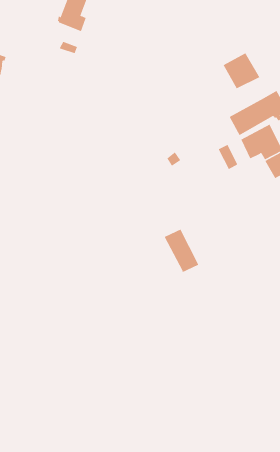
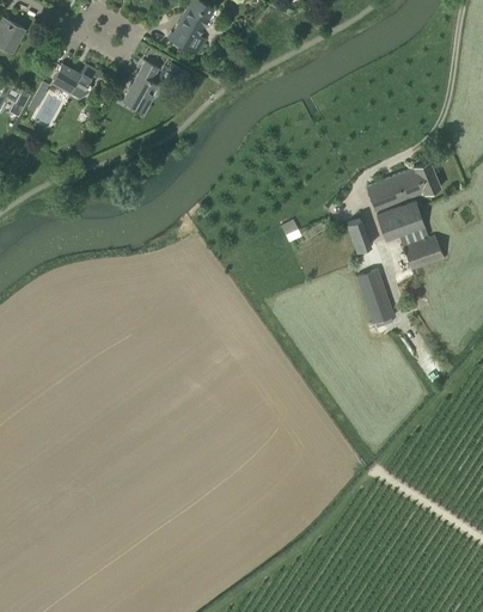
building: none -> [122,61,159,112]
building: [223,52,260,89] -> none
building: [164,229,199,273] -> [355,269,395,324]

